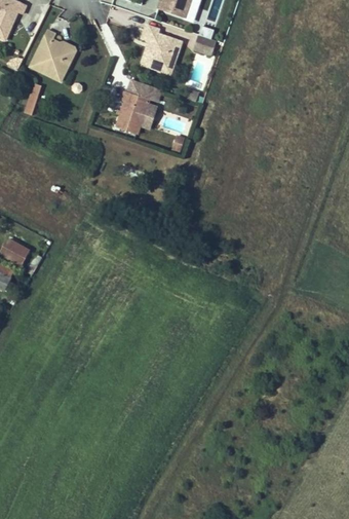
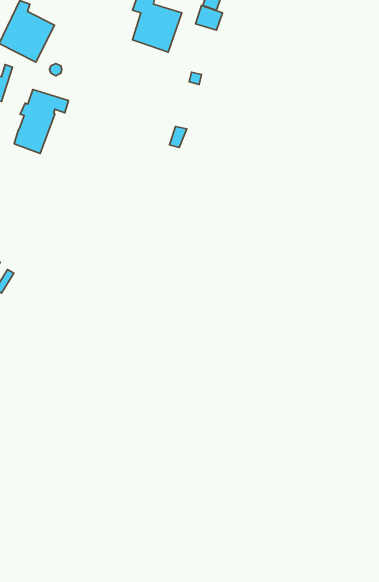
building: [116,80,161,134] -> [14,89,68,154]

